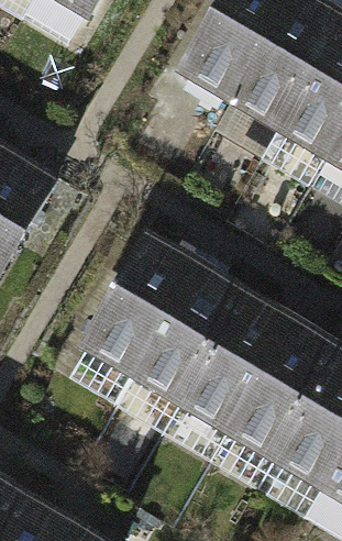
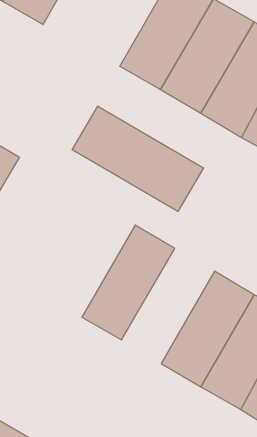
building: none -> [72,106,204,212]
building: [78,250,191,390] -> none
building: [175,307,288,446] -> none

